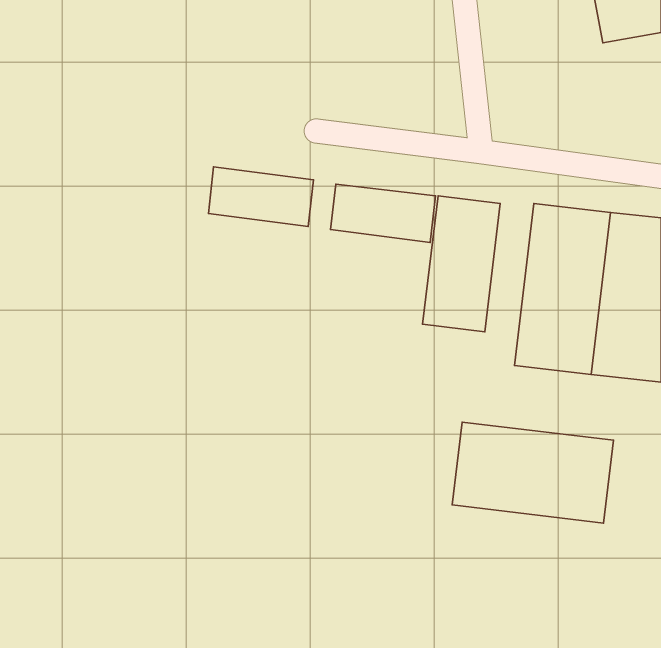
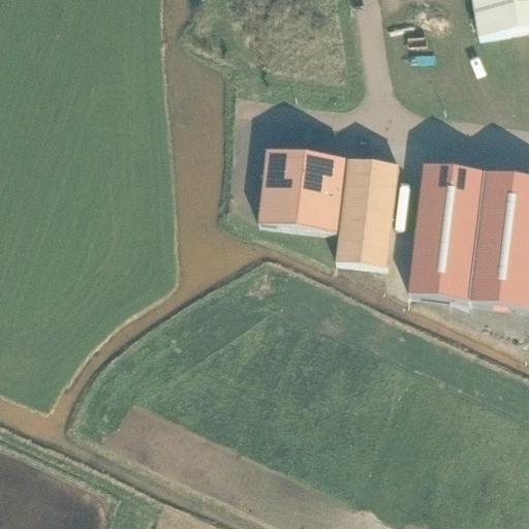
building: [208,167,313,226] -> [259,183,343,230]
building: [452,422,613,523] -> none

